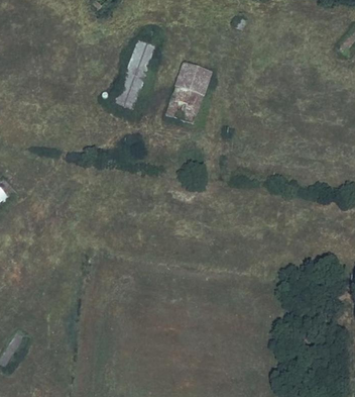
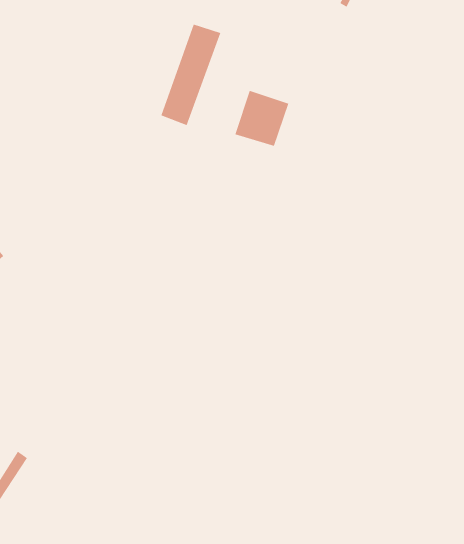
building: [175,64,210,94] -> none

